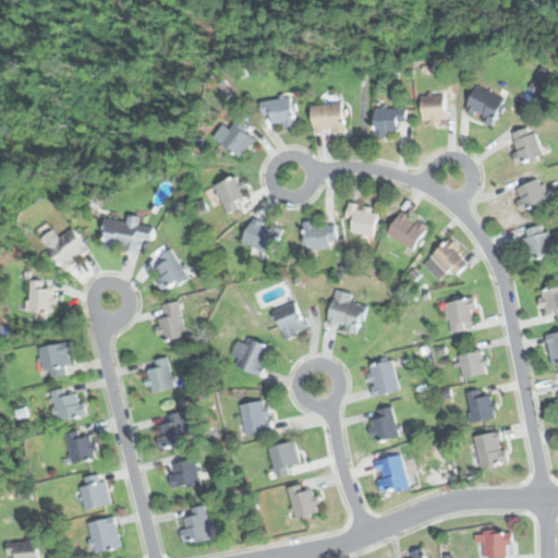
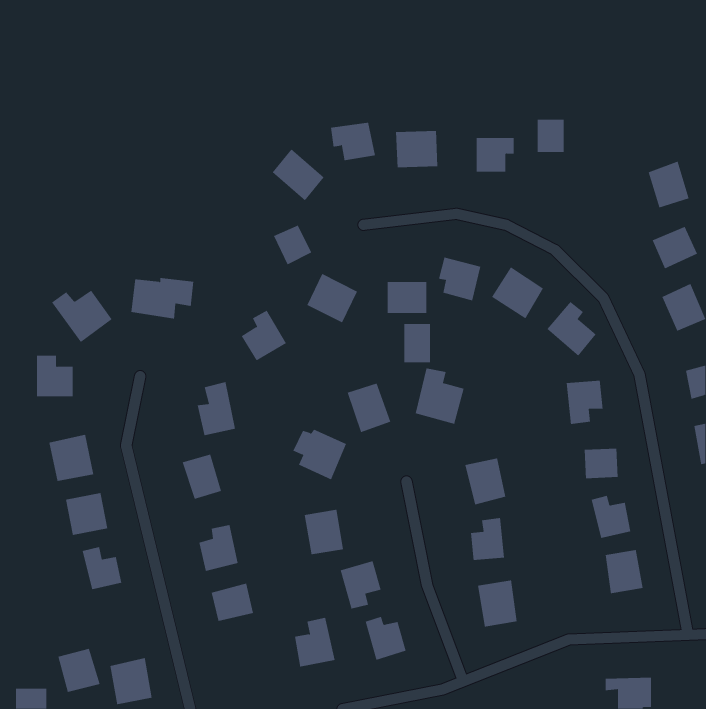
building: [463,85,504,123] -> none
building: [150,248,186,289] -> [241,310,287,361]
building: none -> [404,323,430,363]
building: [77,475,111,510] -> [58,648,101,693]
building: [179,505,211,544] -> [294,617,336,667]

